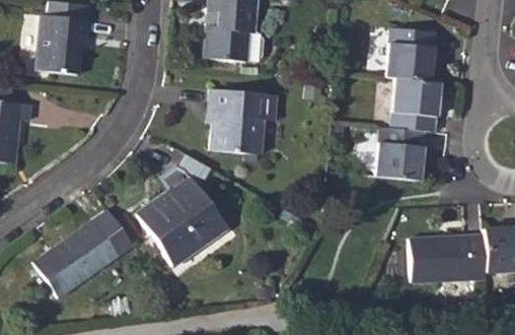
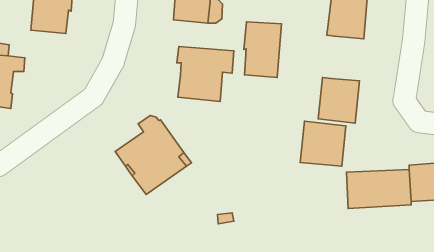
building: none -> [244,22,282,77]
building: [391,77,440,132] -> none
building: none -> [300,121,346,166]
building: [34,206,137,296] -> none

